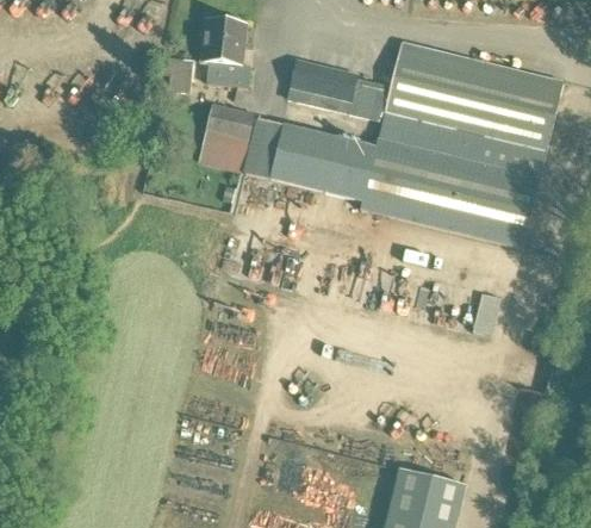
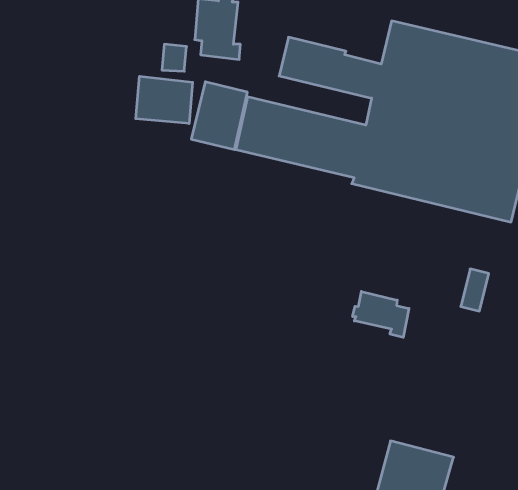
building: none -> [136,76,193,124]
building: none -> [353,291,409,337]

